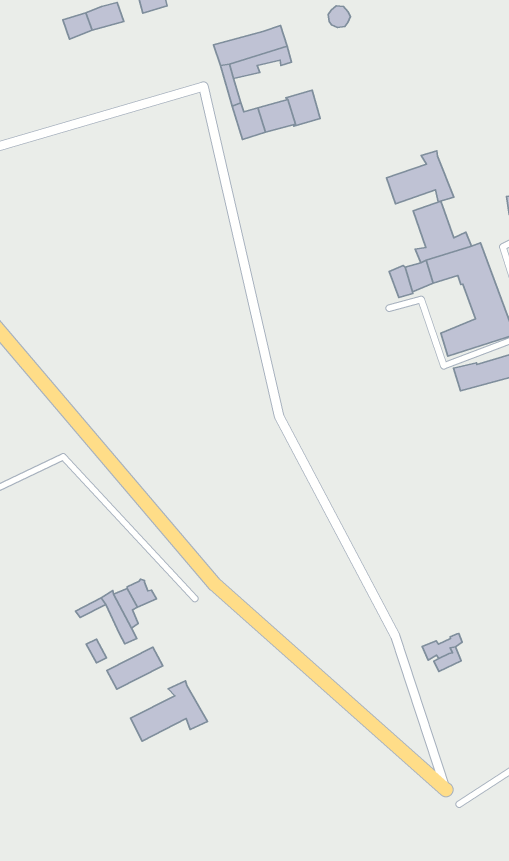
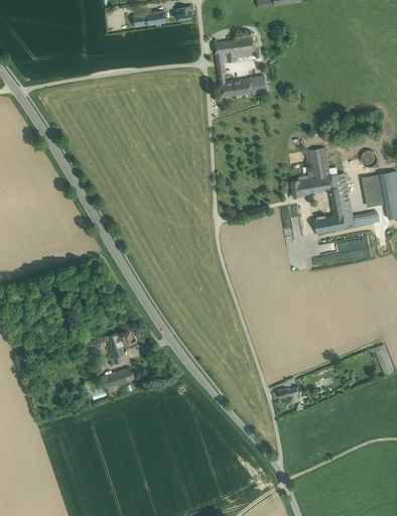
building: [386,151,454,204] -> none
building: [130,681,207,741] -> none

